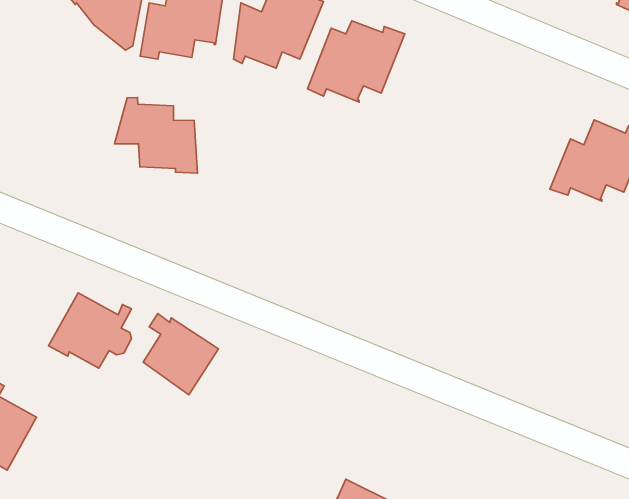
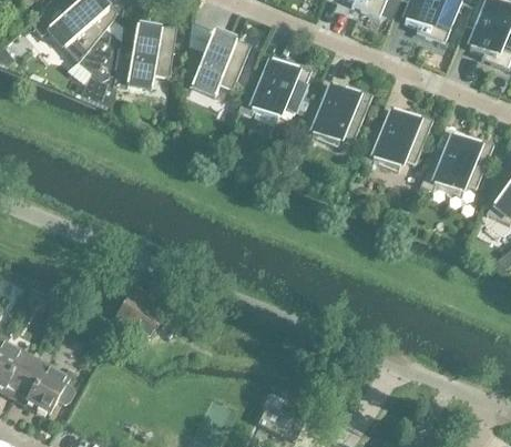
building: none -> [299,83,372,144]
building: none -> [359,109,432,170]
building: [114,98,197,173] -> none
building: [49,293,131,368] -> [13,356,75,413]

